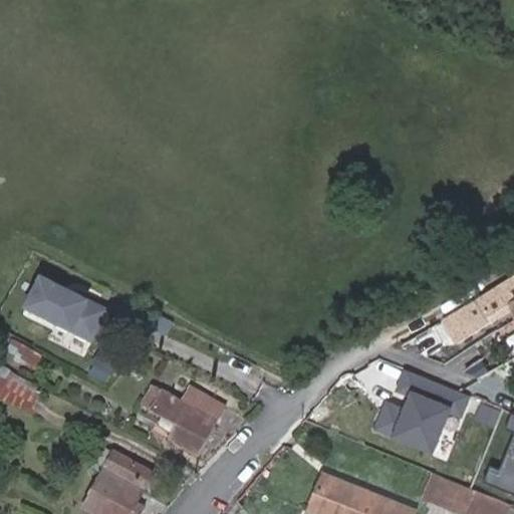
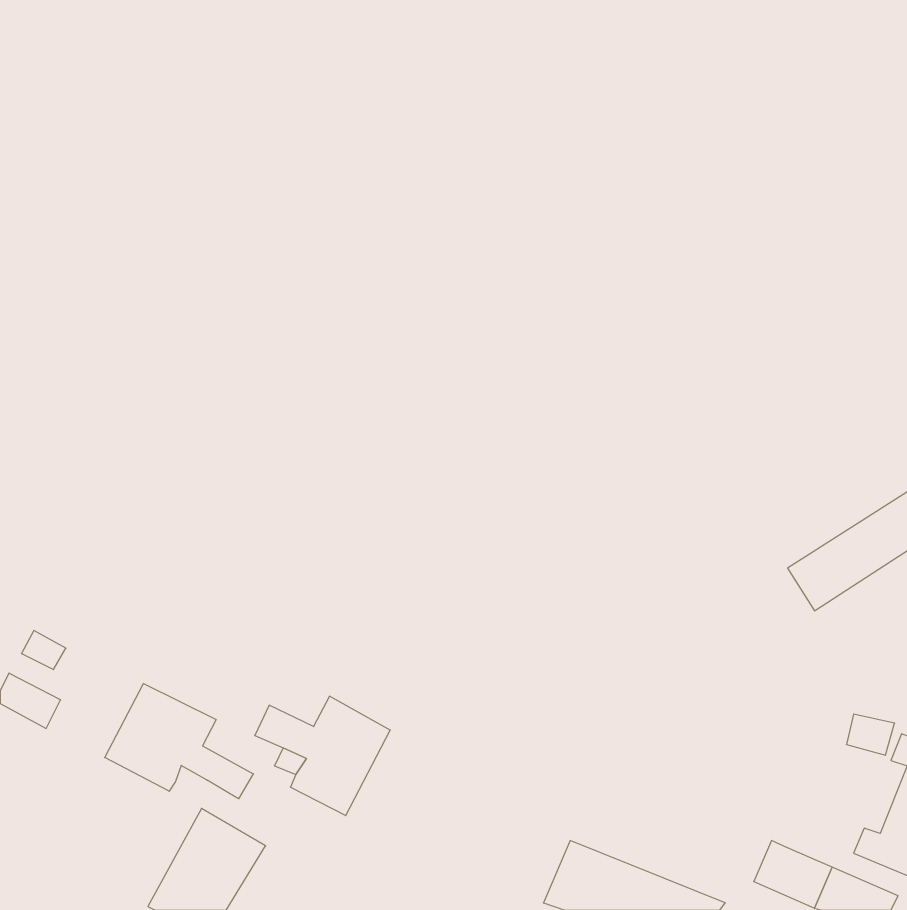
building: [26,271,106,334] -> none
building: [371,369,468,453] -> none
building: none -> [105,684,253,799]

